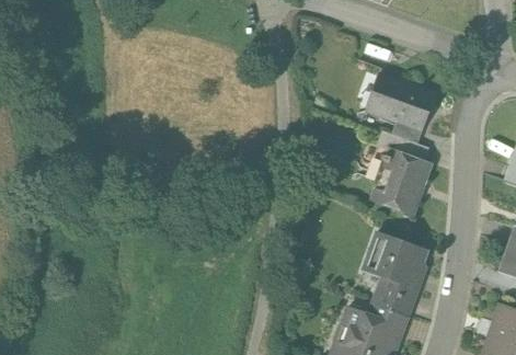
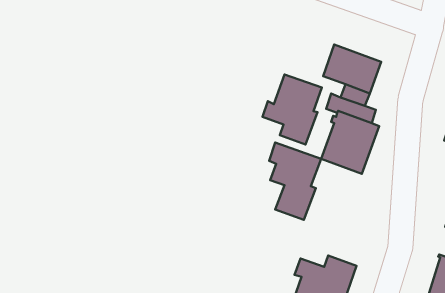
building: none -> [262,75,322,145]
building: [370,231,426,314] -> [269,142,321,220]

